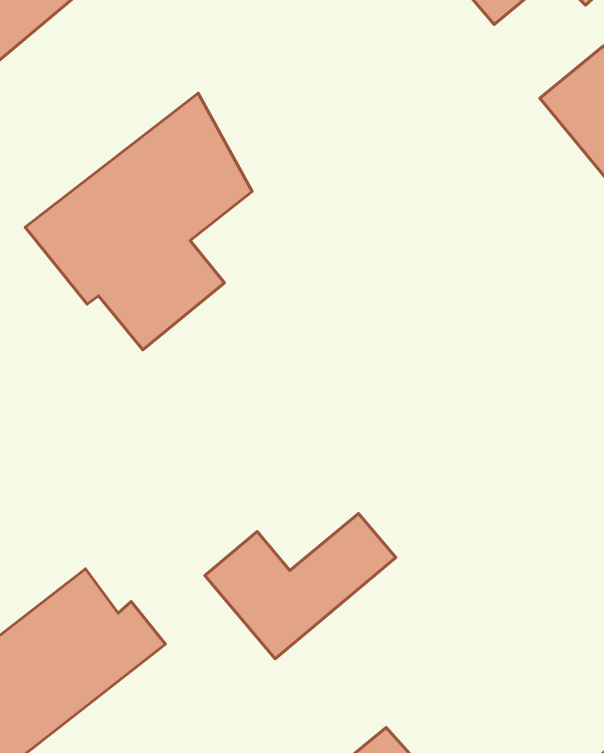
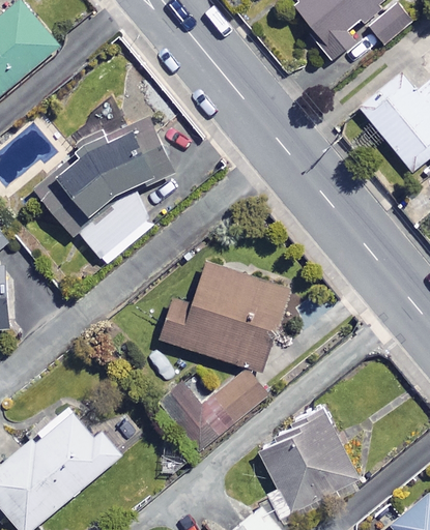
building: none -> [160,261,287,373]
building: none -> [255,412,356,519]

